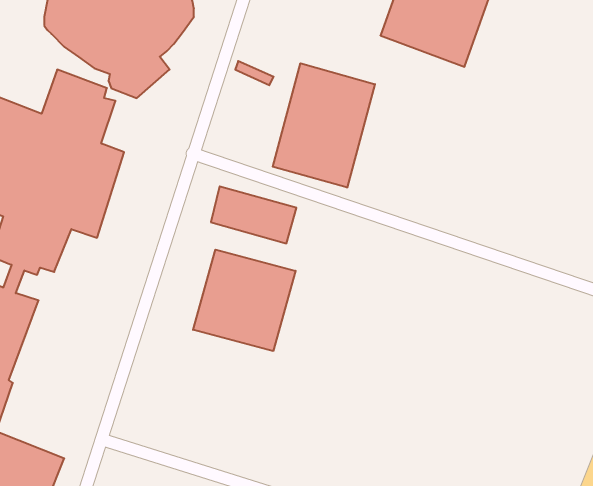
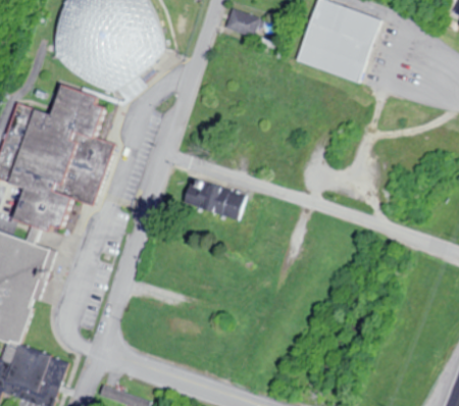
building: [273,63,375,188] -> none
building: [193,250,296,351] -> none

